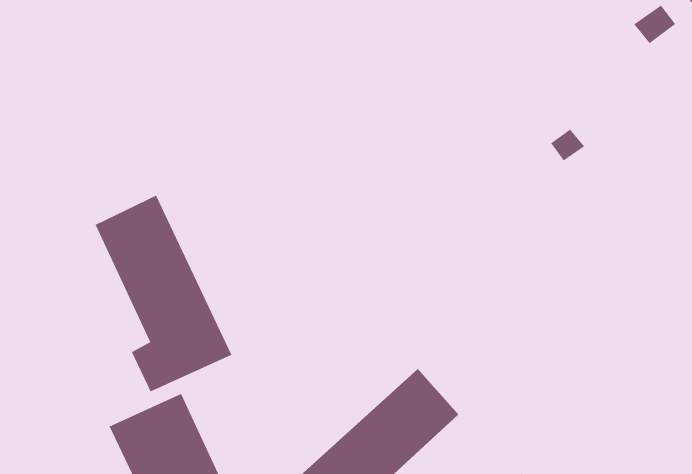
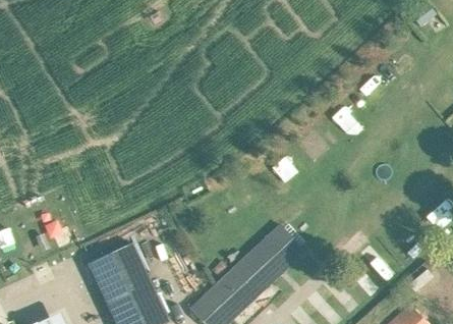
building: [95,194,233,393] -> none

